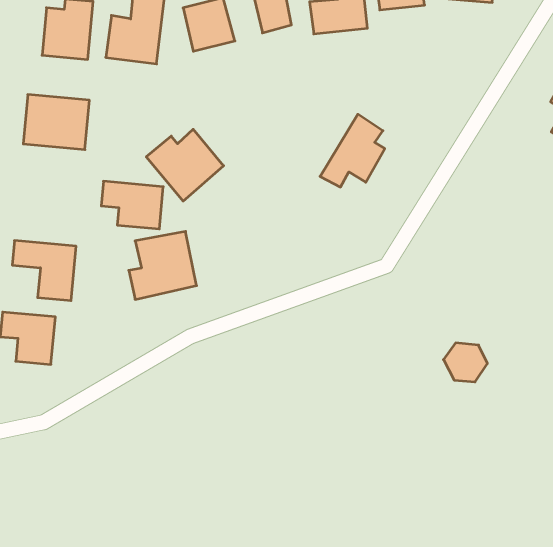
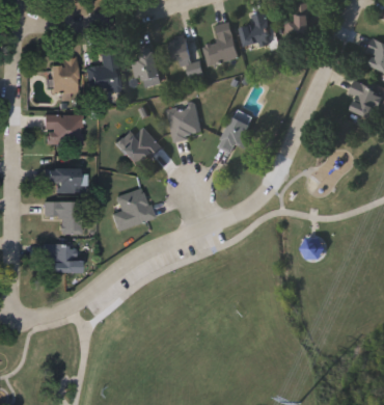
building: none -> [167,103,203,141]
building: [101,181,163,229] -> [44,167,79,192]

